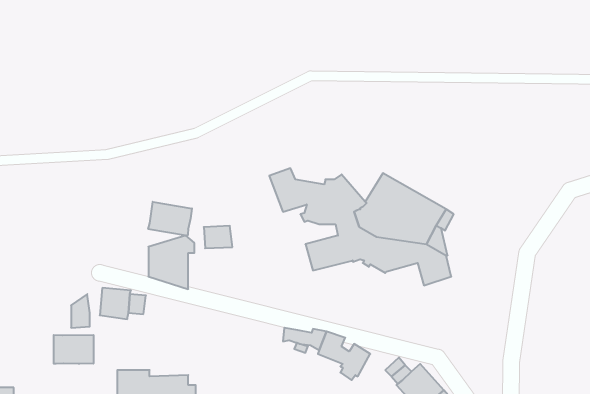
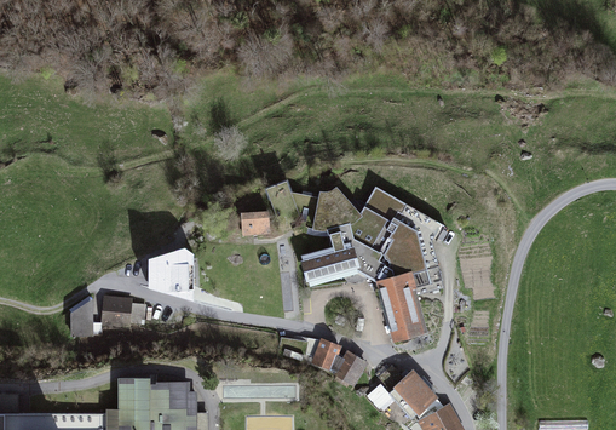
building: [148,202,192,236] -> none
building: [204,226,232,248] -> [241,212,269,234]
building: none -> [375,274,425,339]
building: [54,335,93,364] -> none

